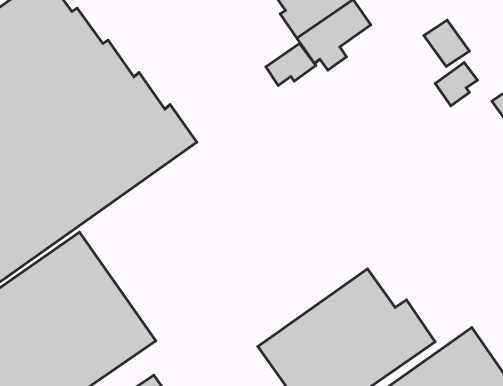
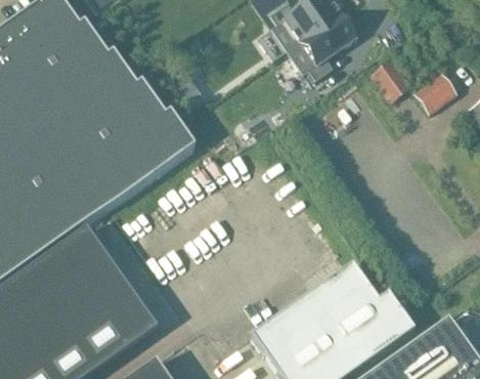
building: [424,20,469,67] -> [370,57,412,100]
building: [266,43,316,86] -> none

